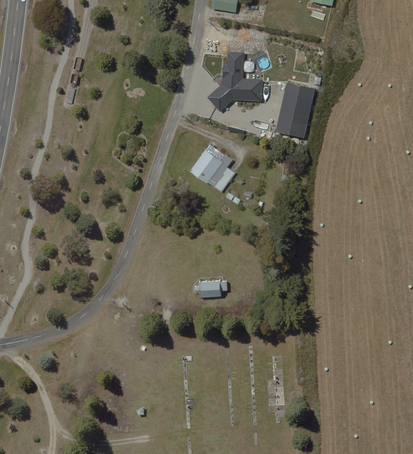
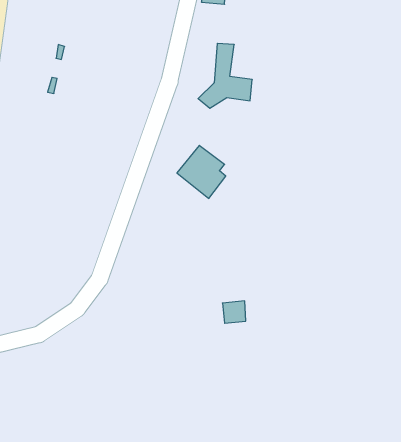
building: [281,82,312,137] -> none
building: [199,278,221,299] -> [222,301,246,323]

